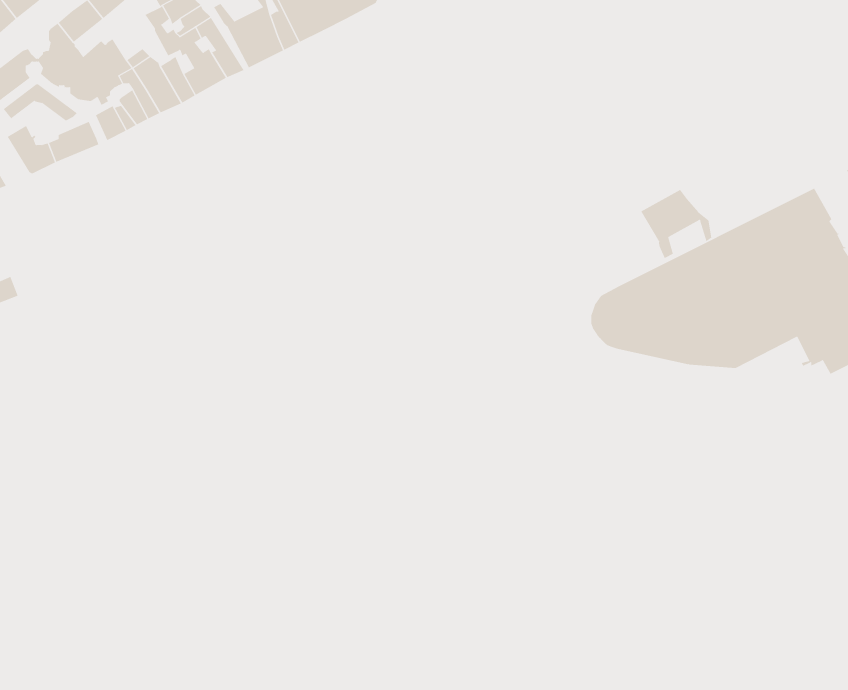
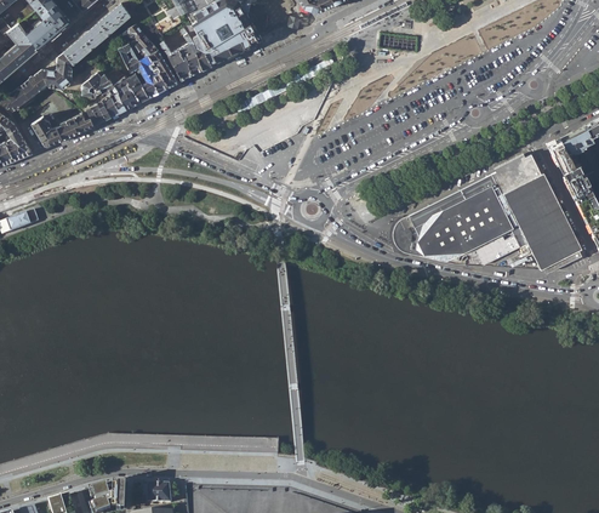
building: [641,189,712,259] -> none

